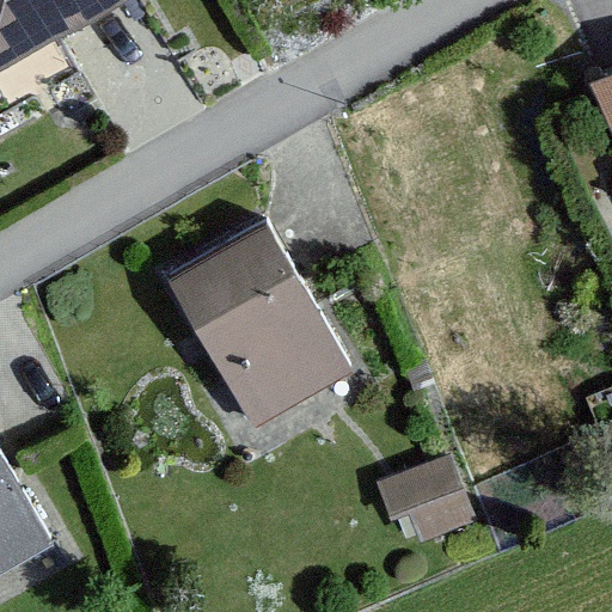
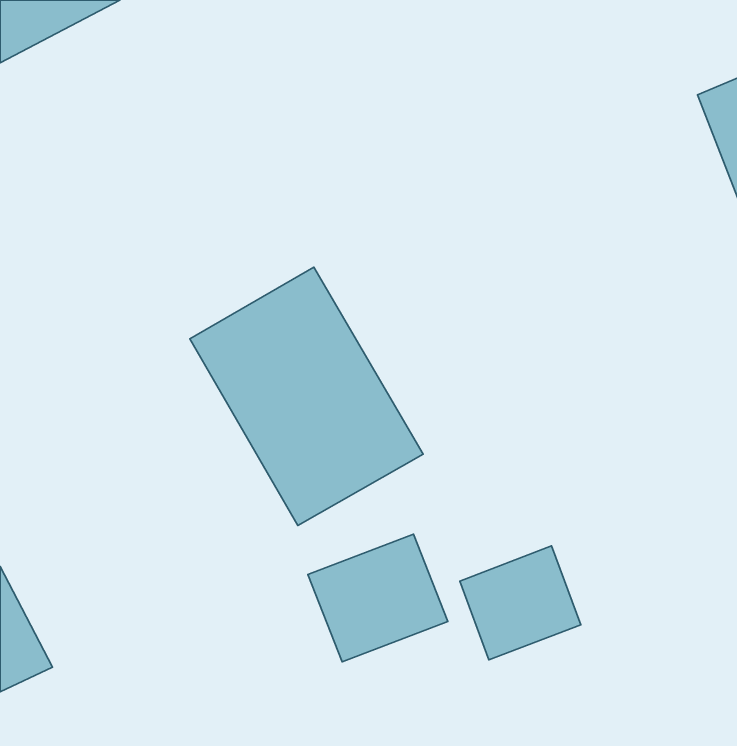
building: none -> [308,534,448,662]

